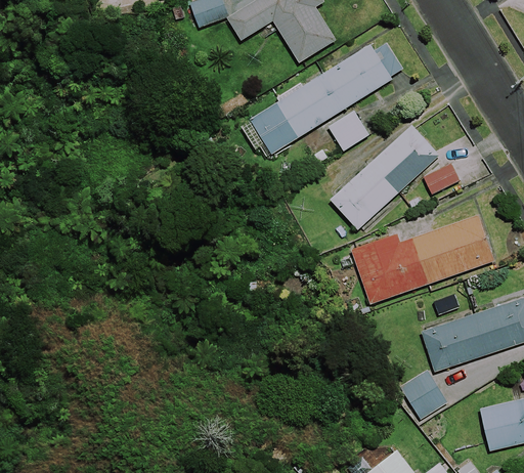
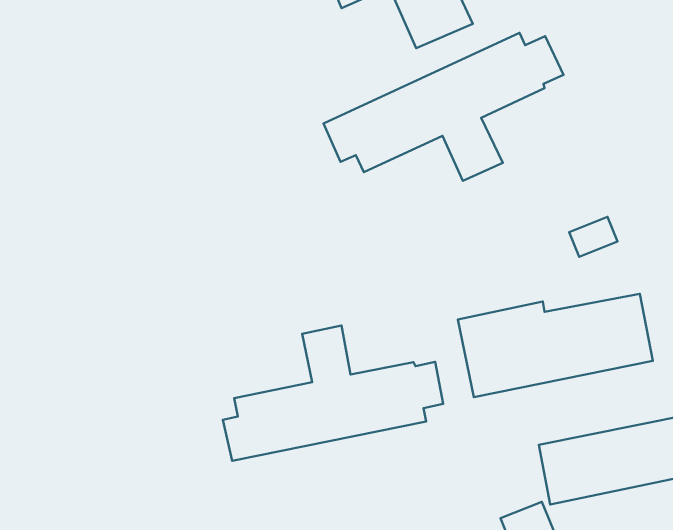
building: [331,126,438,229] -> none
building: none -> [223,325,443,461]

